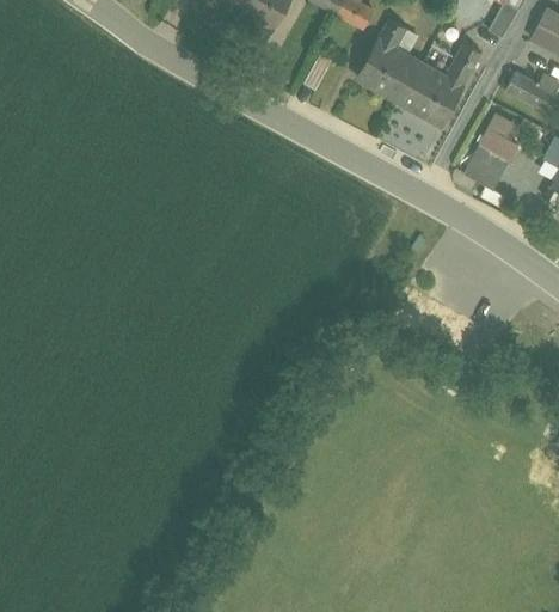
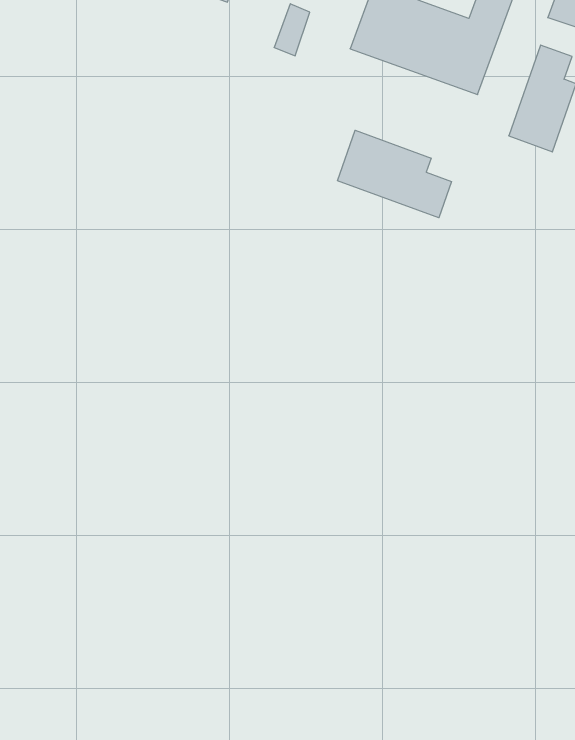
building: none -> [338,130,452,218]

